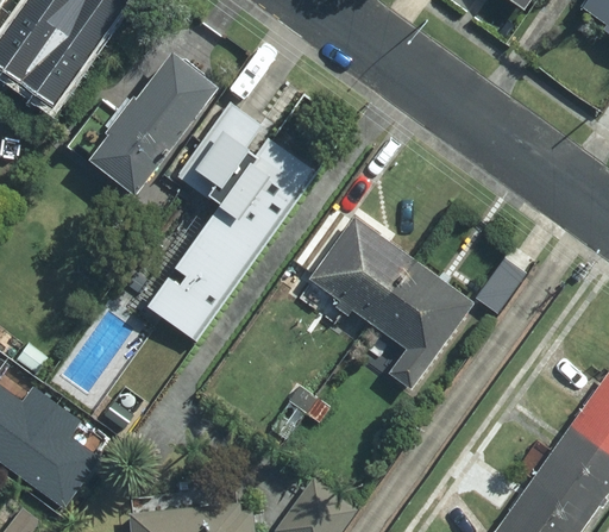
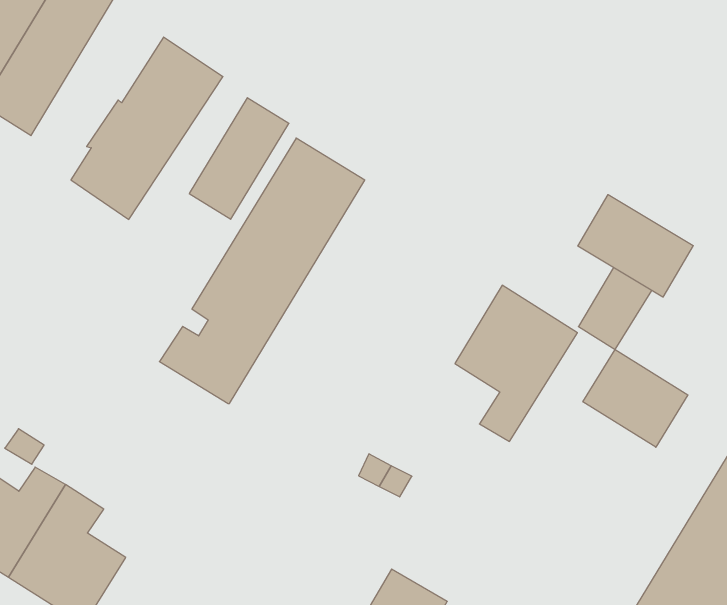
building: none -> [578,195,693,297]
building: [310,220,415,323] -> none
building: none -> [583,350,688,447]

